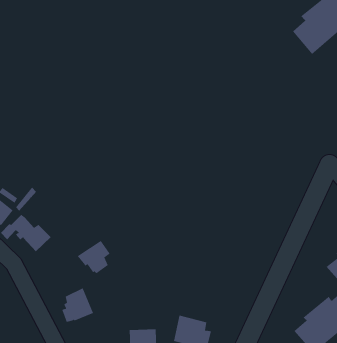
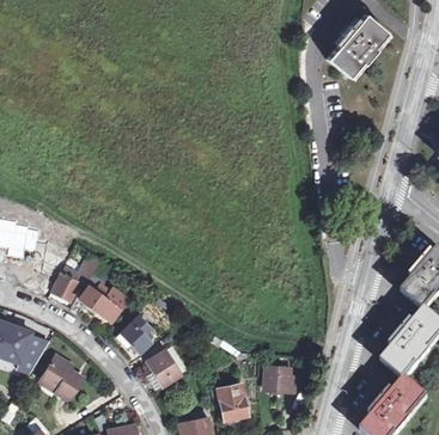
building: [77,240,111,274] -> [114,319,147,354]

